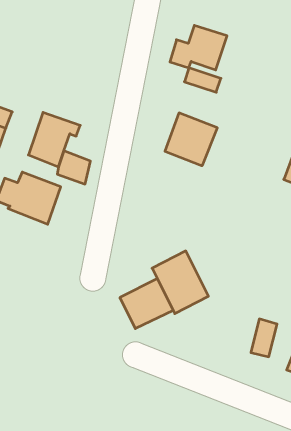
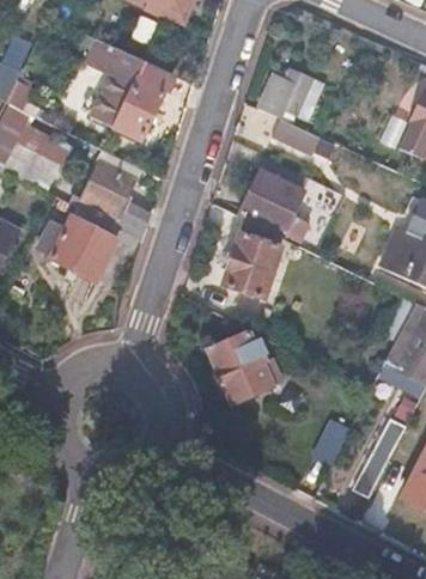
building: none -> [86,38,170,139]
building: none -> [225,220,282,297]
building: [120,278,173,329] -> none

